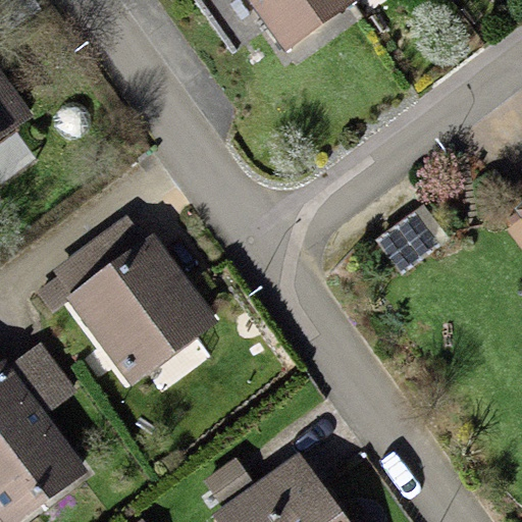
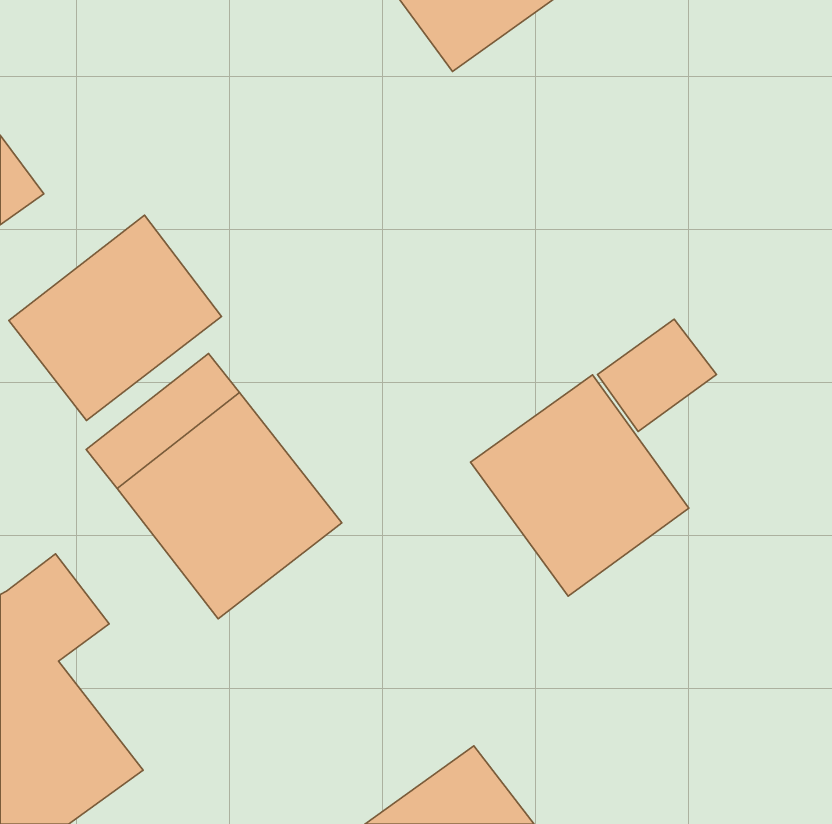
building: none -> [9,215,222,421]
building: none -> [471,375,689,596]

